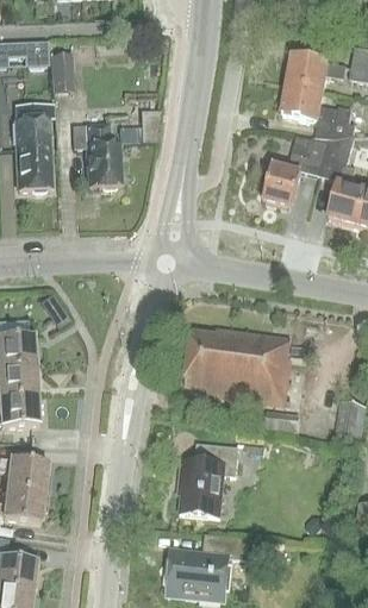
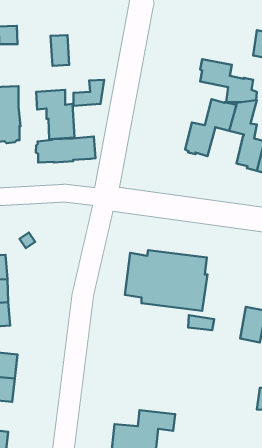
building: [51,52,75,92] -> [51,35,69,66]
building: [285,55,347,90] -> none
building: none -> [36,136,95,163]
building: [177,443,239,515] -> none

